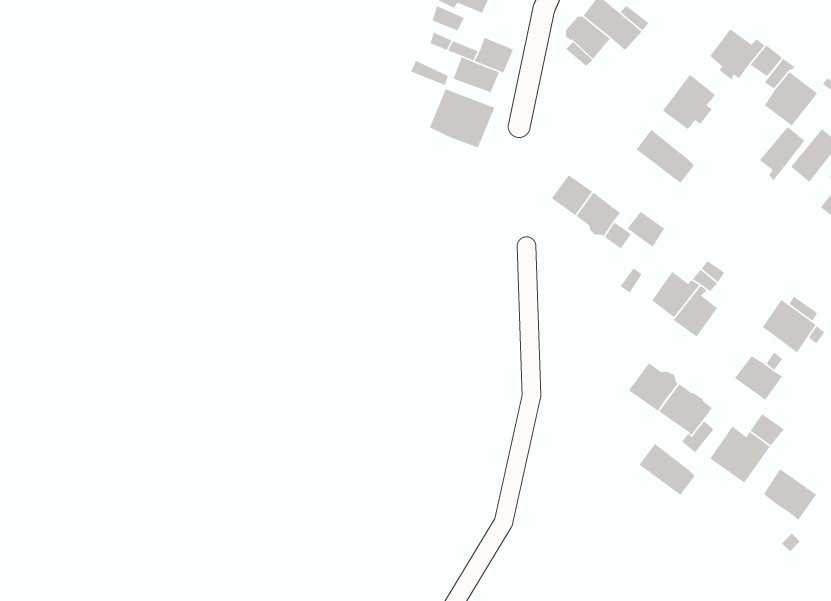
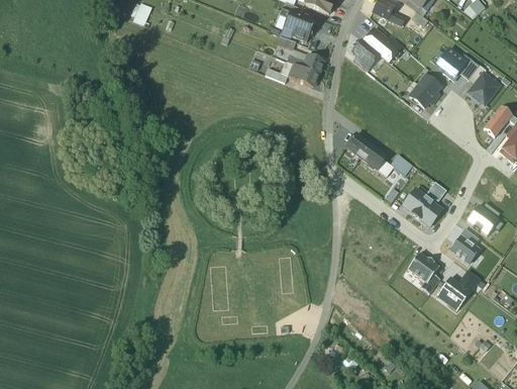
building: [429,88,495,149] -> none
building: [759,126,806,181] -> none
building: [636,129,695,184] -> none
building: [628,362,679,412] -> none
building: [638,443,695,496] -> none
building: [763,468,817,521] -> none

